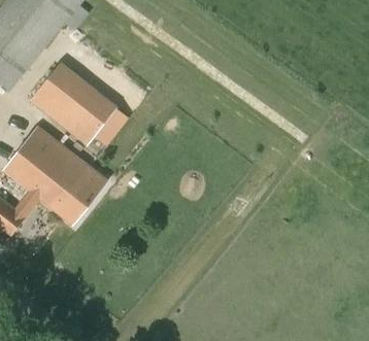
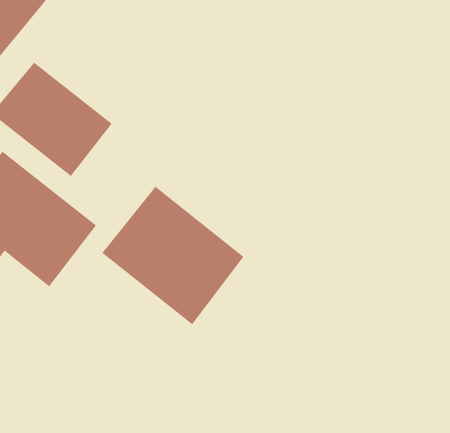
building: none -> [102,186,244,325]

